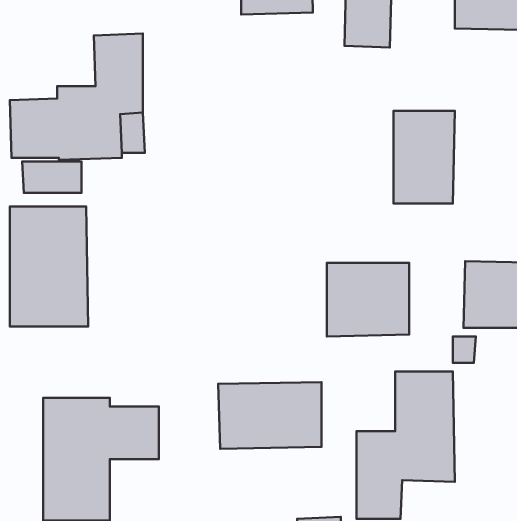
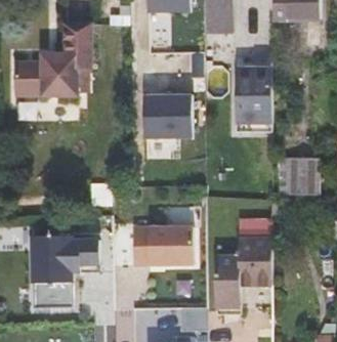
building: [10,207,88,326] -> none
building: [327,263,409,336] -> [143,95,192,138]

